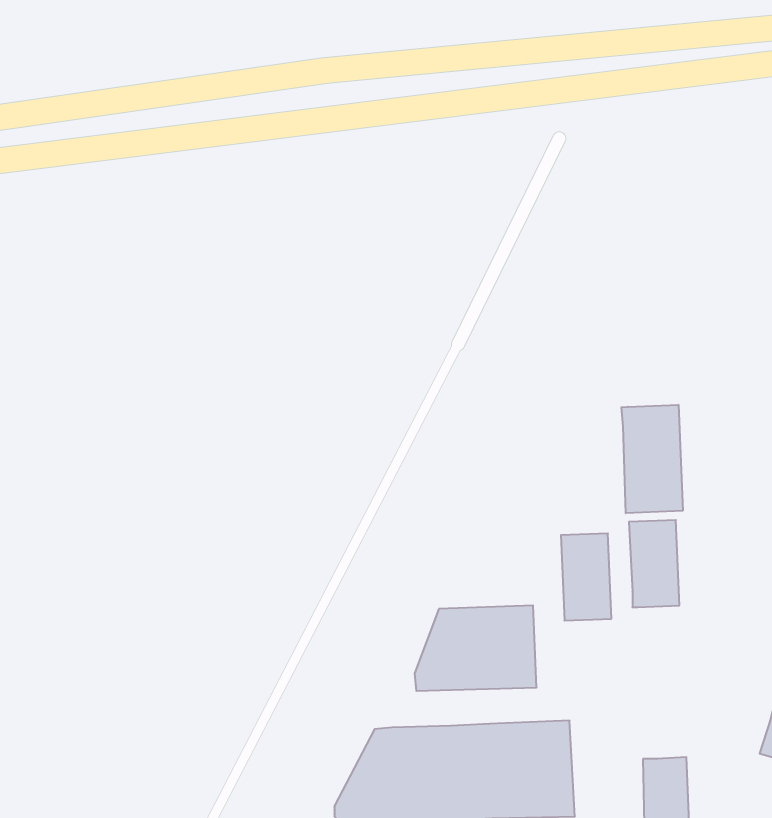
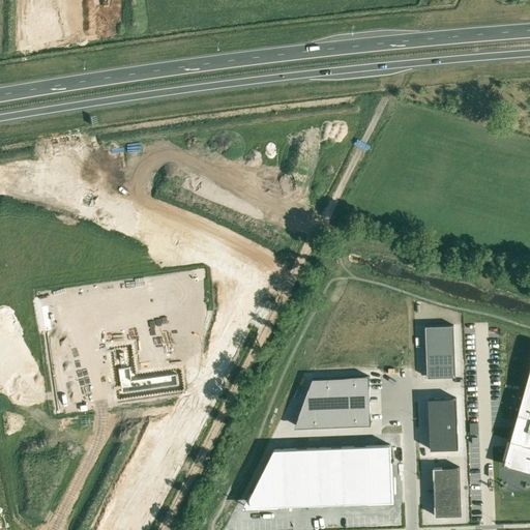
building: [621,405,683,513] -> none
building: [561,533,611,621] -> [429,400,459,451]

